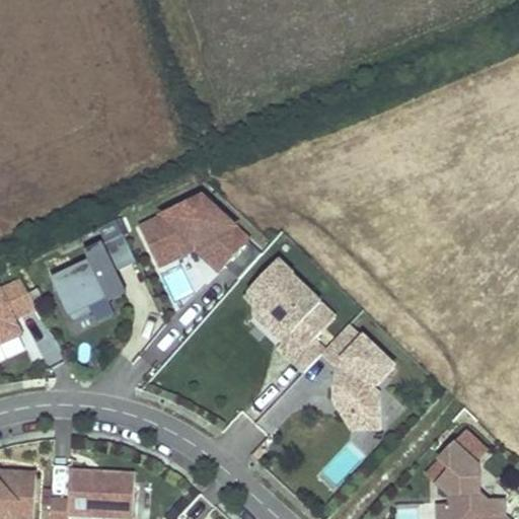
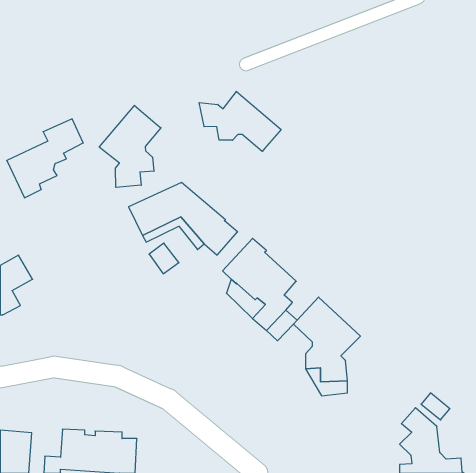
building: none -> [199,91,281,151]
building: none -> [99,105,161,187]
building: [53,231,136,317] -> [7,119,83,198]

